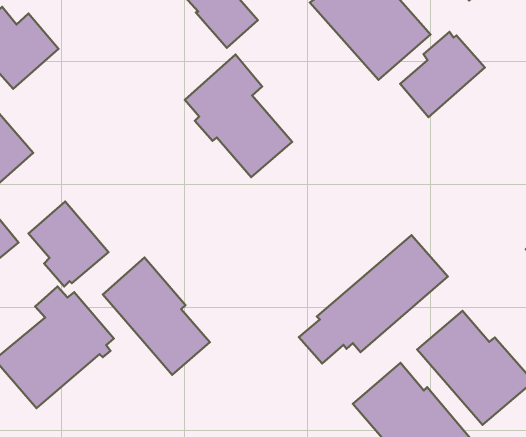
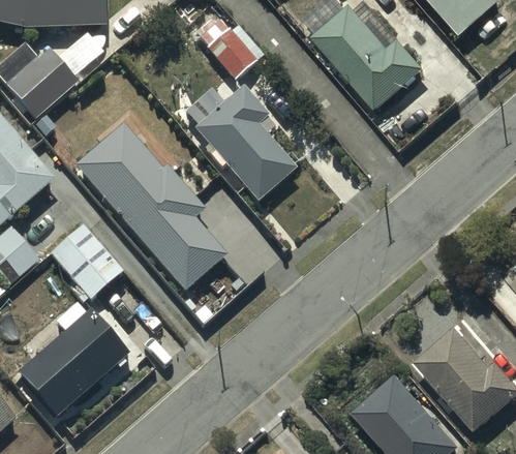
building: [400,32,485,117] -> none
building: none -> [75,122,225,291]
building: [299,235,448,363] -> none
building: [103,258,210,375] -> none

